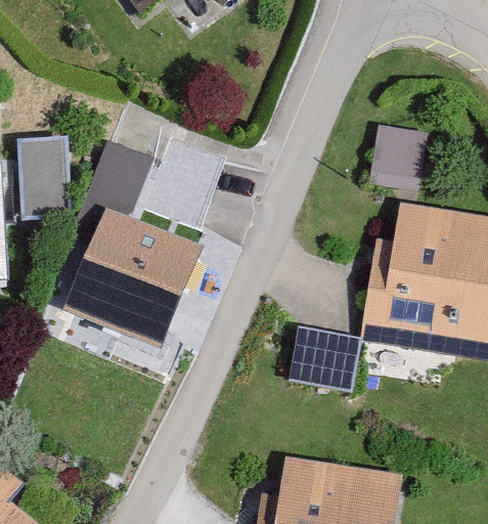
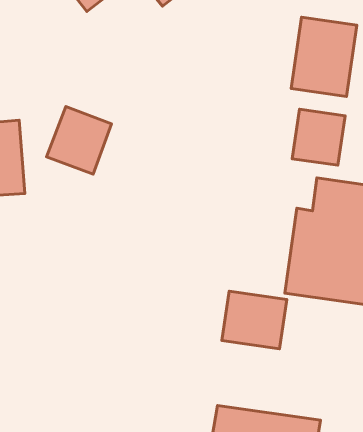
building: none -> [291,17,357,96]
building: [64,210,204,351] -> none

